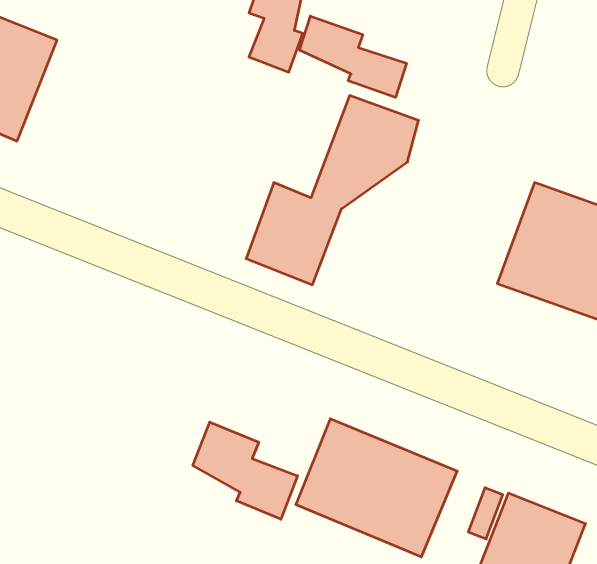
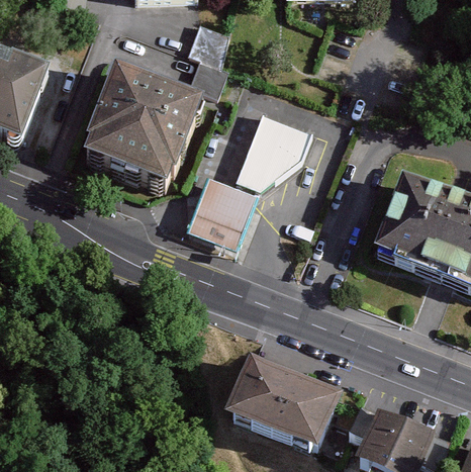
building: [300,16,406,97] -> none
building: none -> [79,68,202,192]
building: [193,422,298,519] -> none

